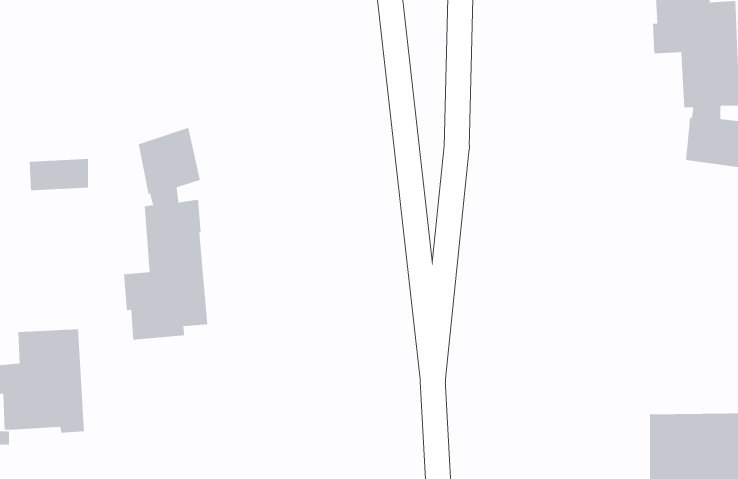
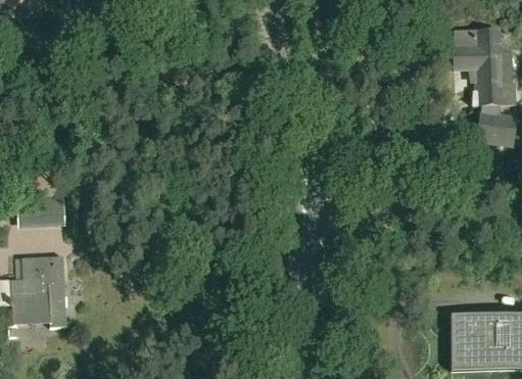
building: [123,127,208,341] -> none
building: [29,158,89,191] -> [20,201,61,224]

